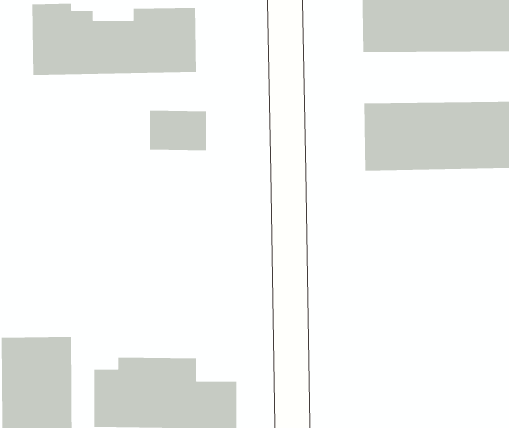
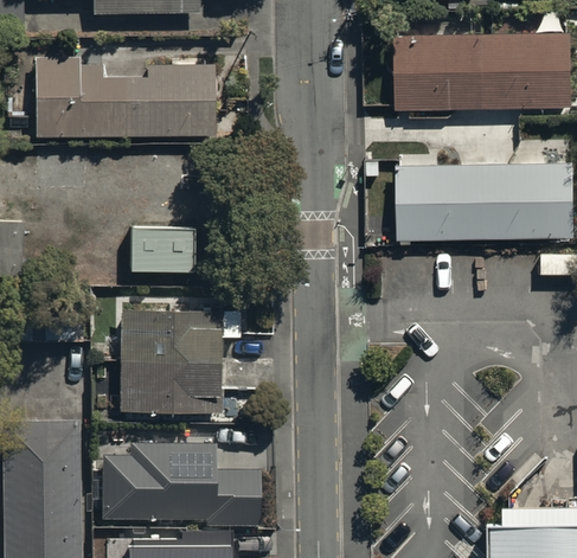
building: [149,110,207,151] -> [132,232,194,277]
building: none -> [118,308,241,413]

